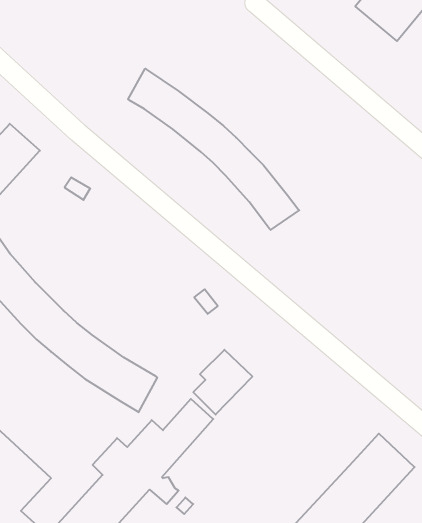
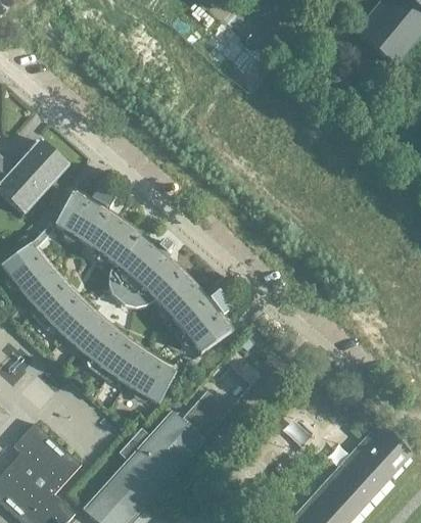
building: [128,69,299,230] -> none
building: none -> [55,193,231,353]

